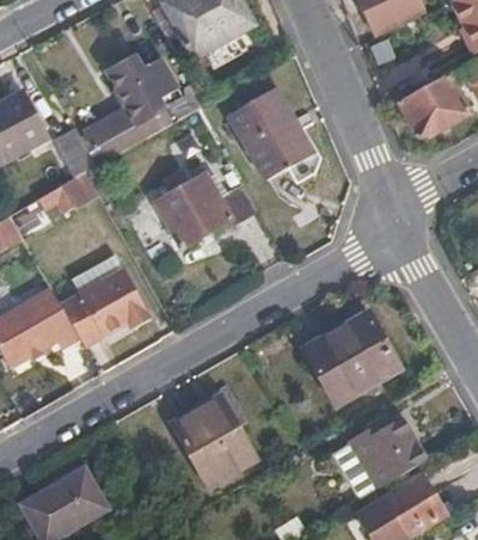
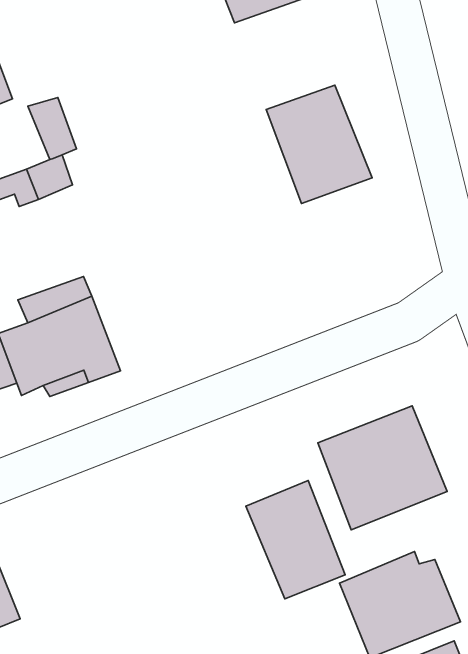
building: [87,56,178,159] -> none
building: [153,172,257,246] -> none
building: [177,397,256,484] -> [246,481,345,599]

